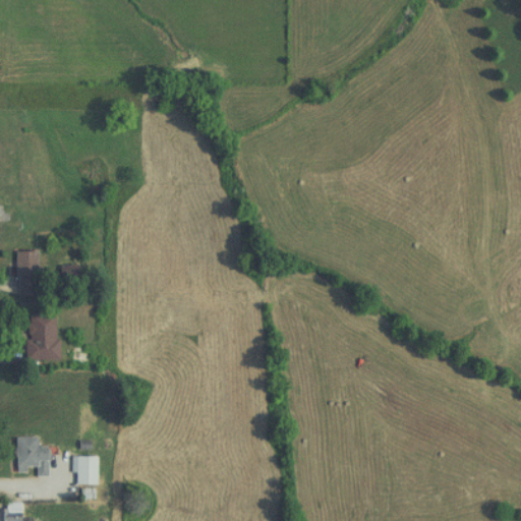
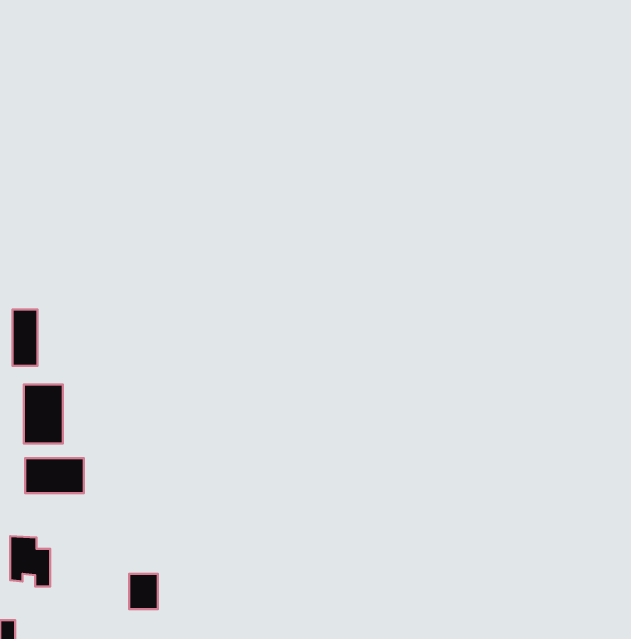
building: none -> [25,458,84,493]
building: [73,456,97,484] -> [129,574,158,609]

